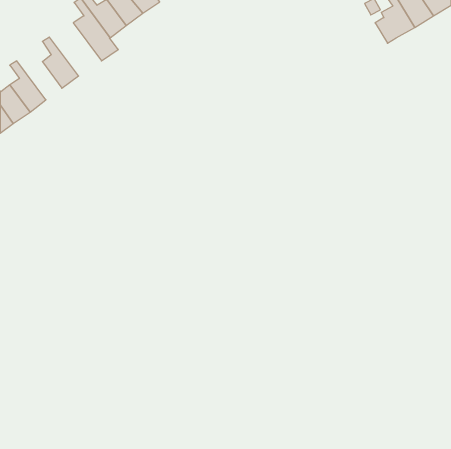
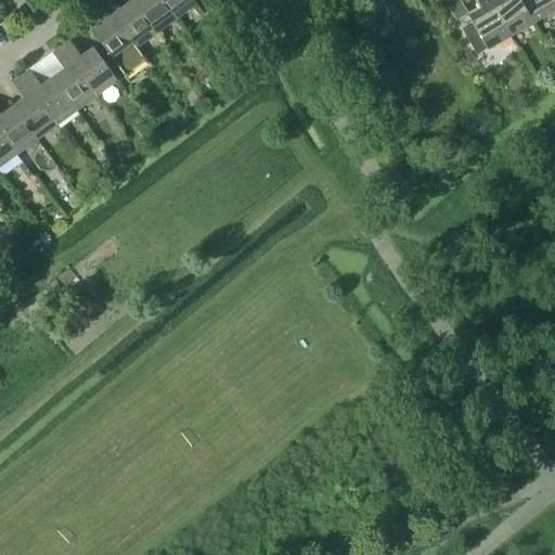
building: none -> [61,39,117,93]
building: none -> [21,68,76,122]

